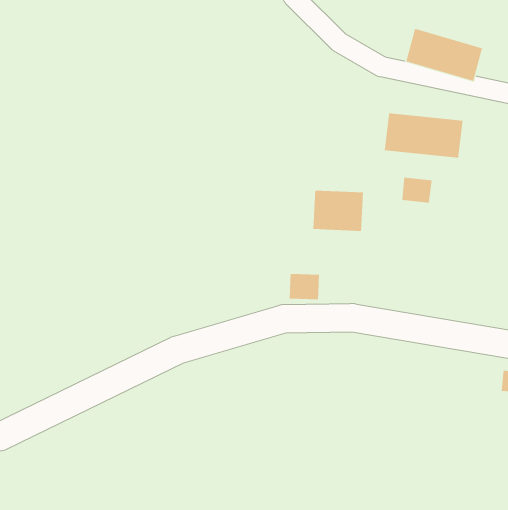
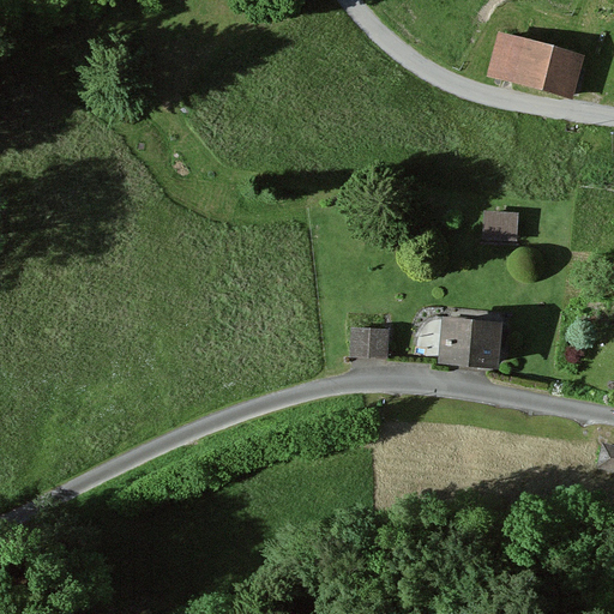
building: [384,112,463,159] -> none
building: [313,190,364,231] -> [434,317,495,366]

